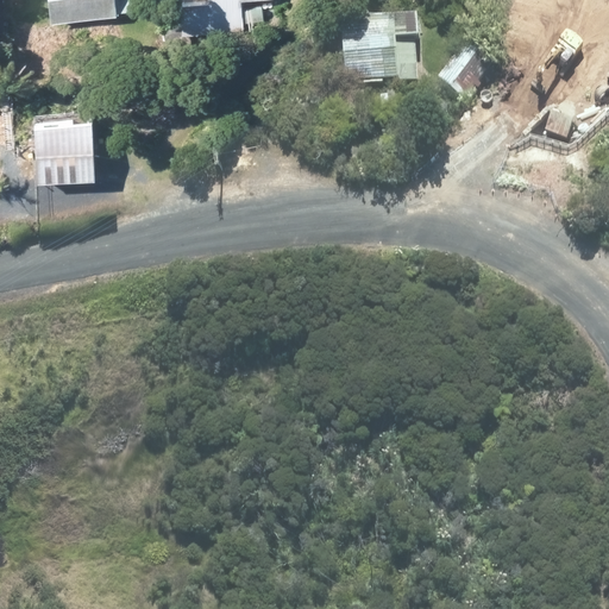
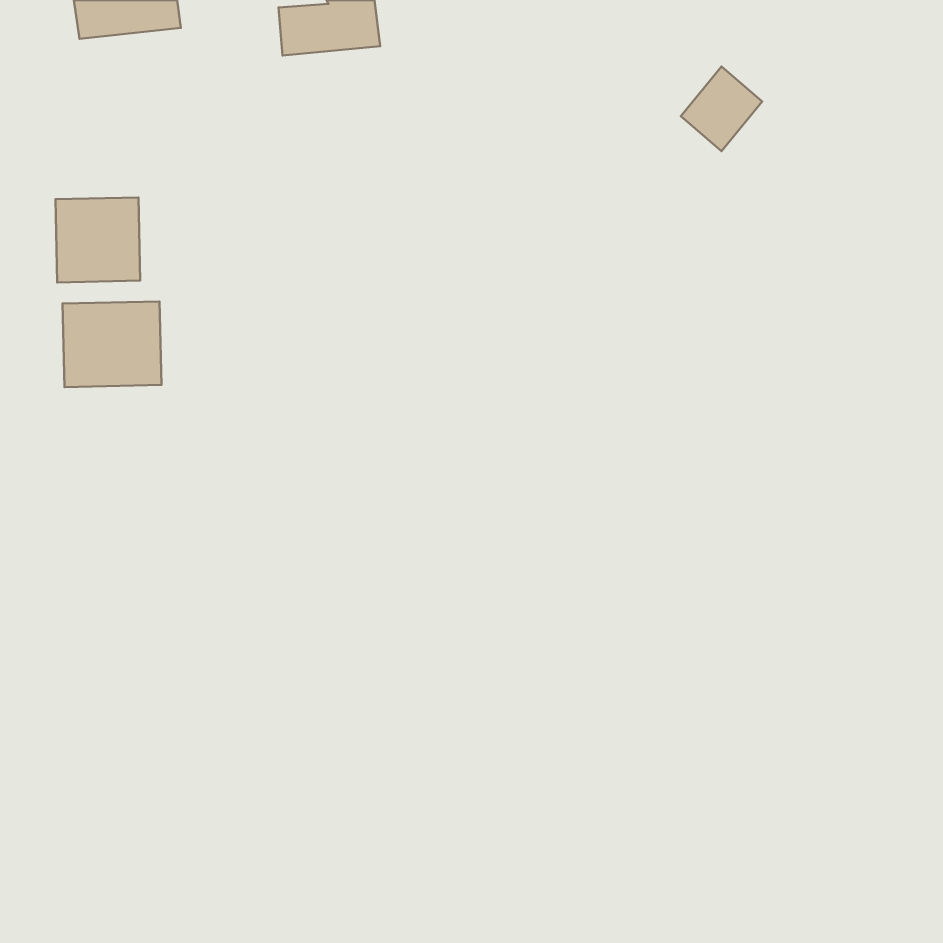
building: [343,18,422,77] -> none
building: none -> [63,301,161,387]

